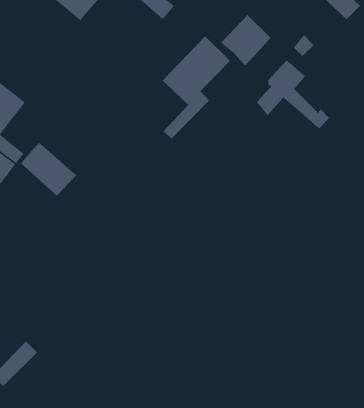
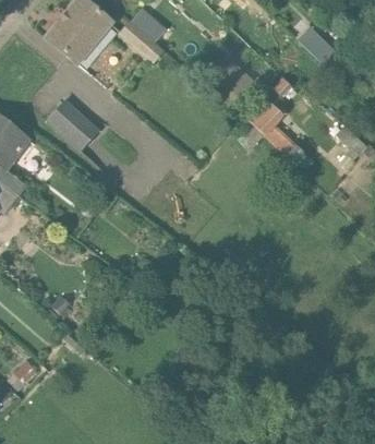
building: [162,36,231,139] -> none
building: [20,142,77,196] -> [47,99,99,149]

